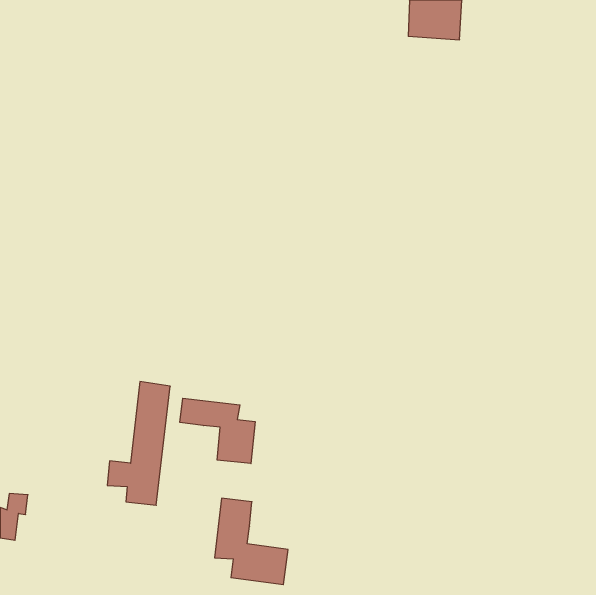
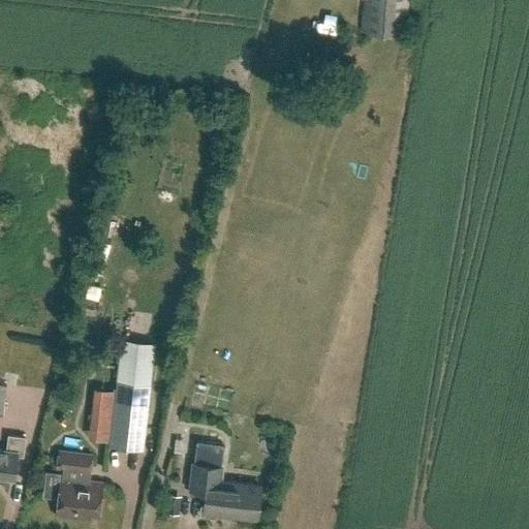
building: [180,398,255,464] -> none
building: none -> [56,452,103,521]

